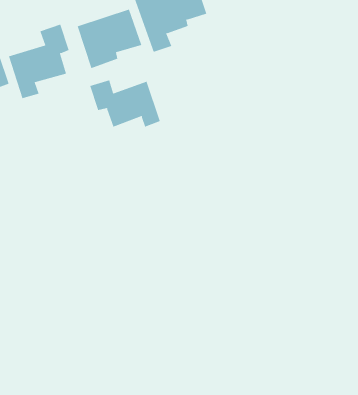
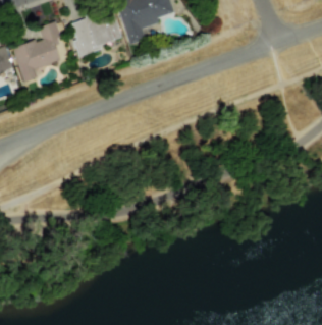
building: [90,79,161,128] -> none

